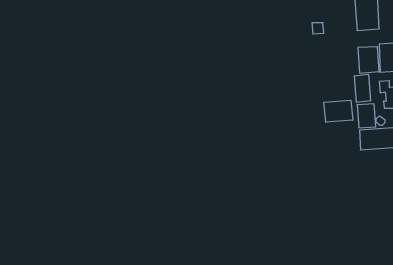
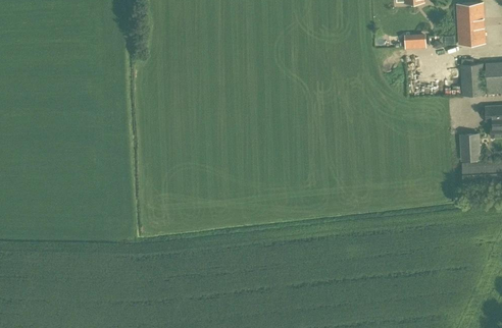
building: [354,74,370,102] -> none
building: [324,100,353,122] -> none

